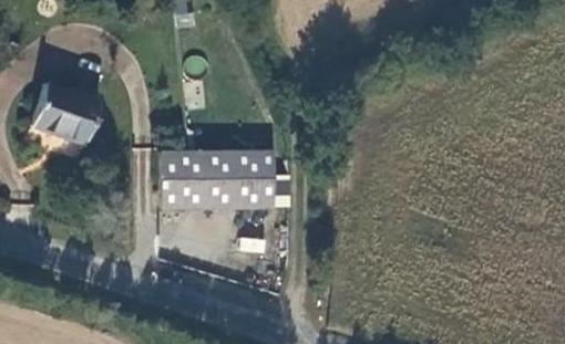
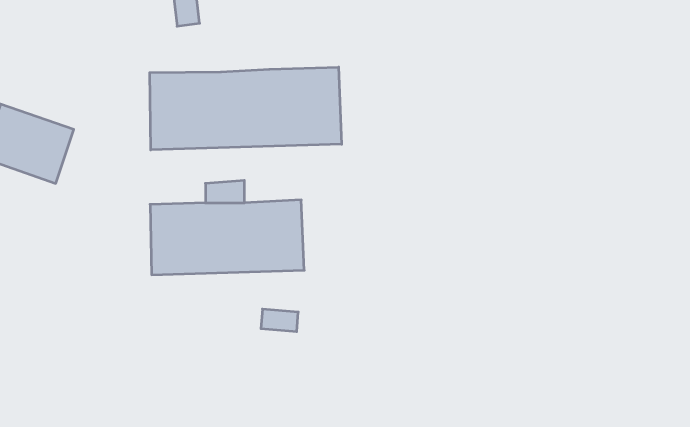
building: none -> [150,67,342,150]

